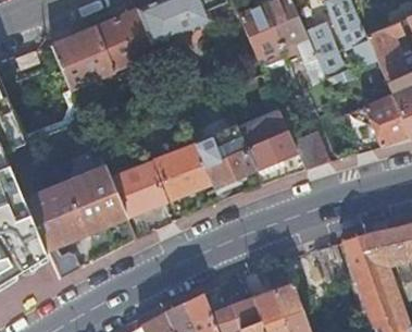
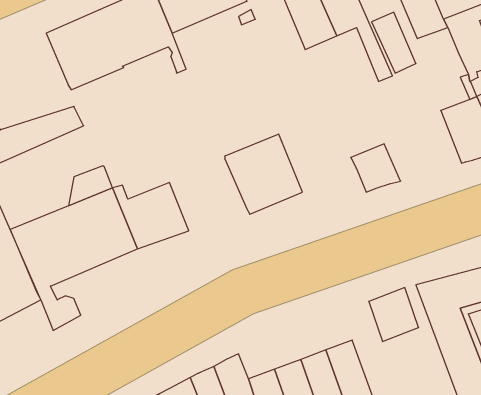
building: [237,111,296,169] -> none
building: [153,143,210,197] -> none

